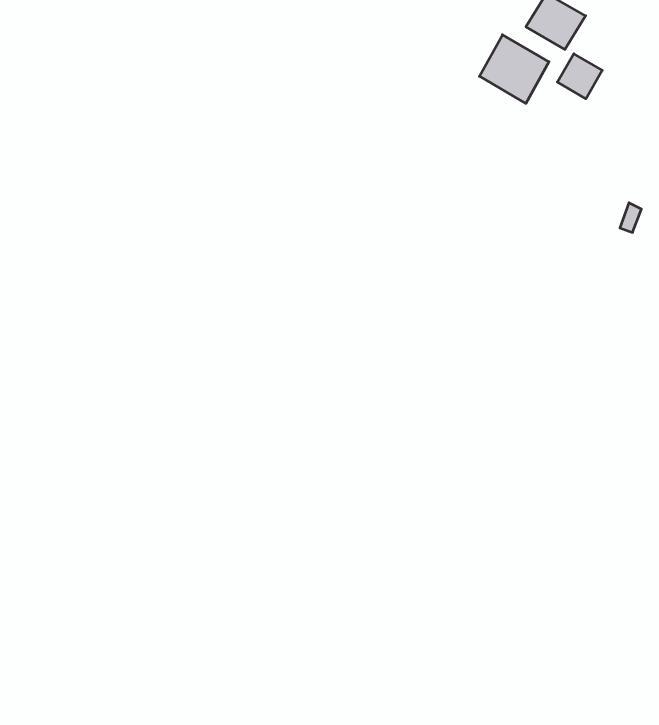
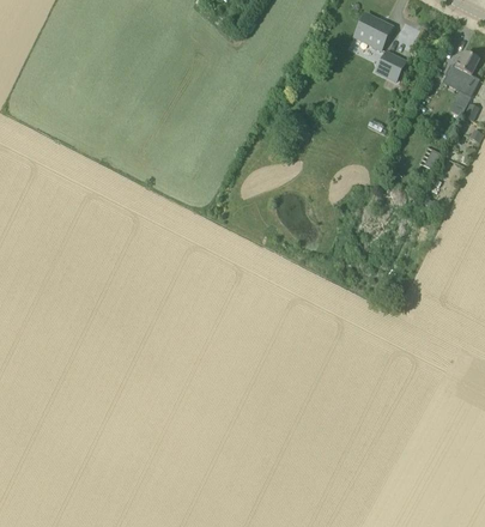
building: [479,35,549,103] -> none

